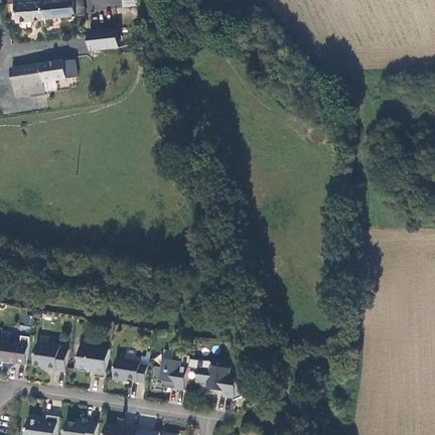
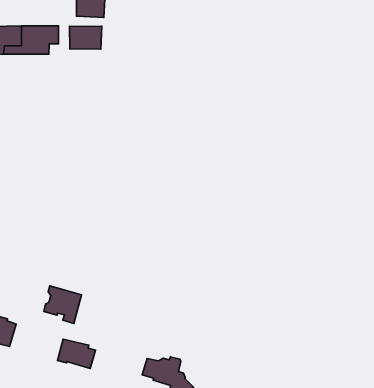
building: none -> [69,26,102,49]
building: [74,344,108,378] -> [44,286,82,323]
building: [152,355,186,390] -> none

